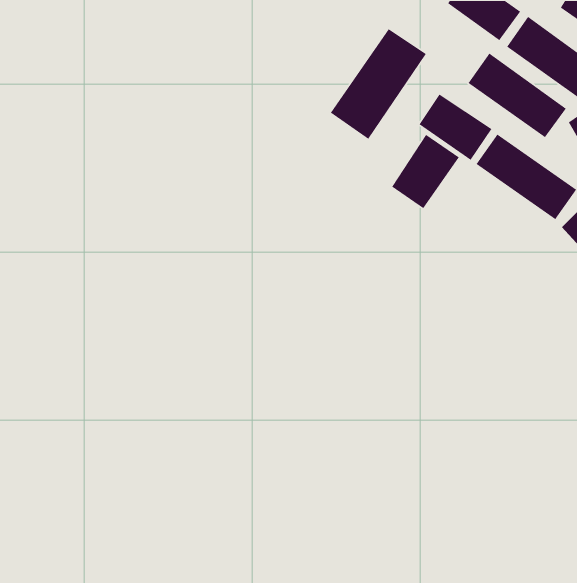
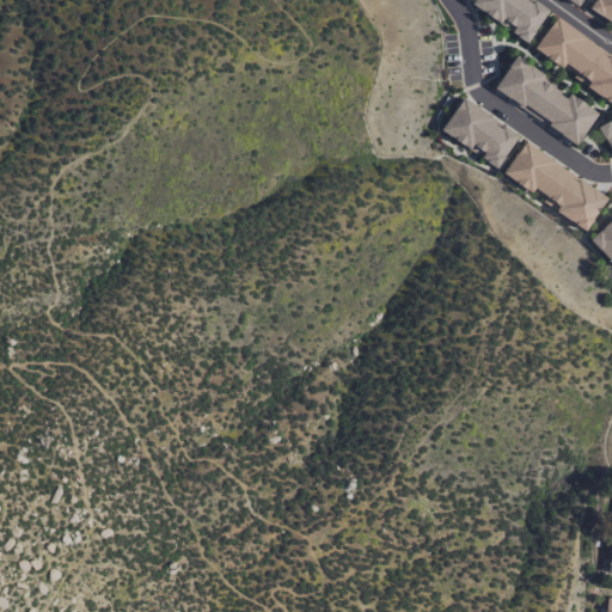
building: [330,28,427,140] -> none
building: [391,134,460,209] -> none

